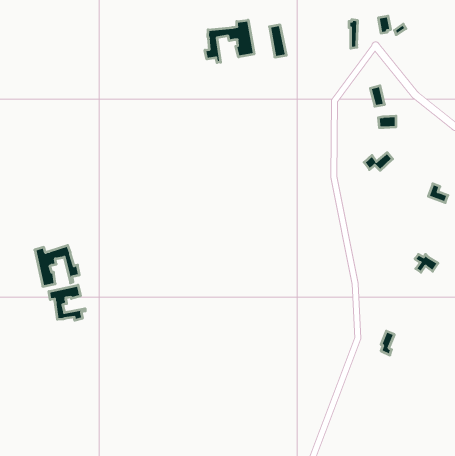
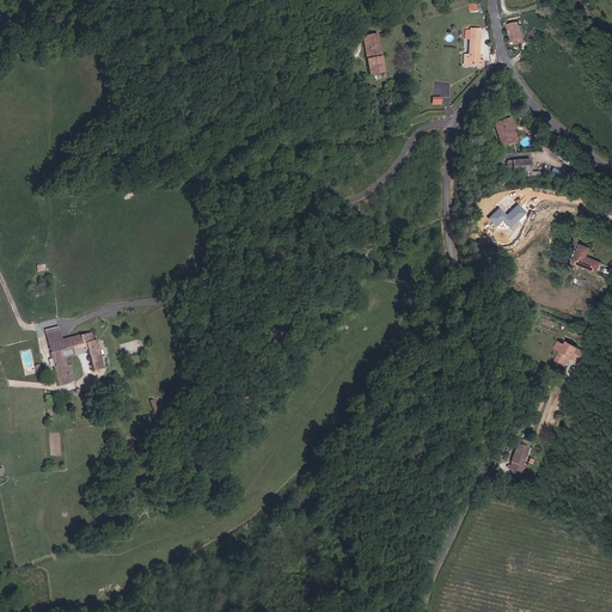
building: [205,20,254,63] -> none
building: [49,285,85,320] -> none

